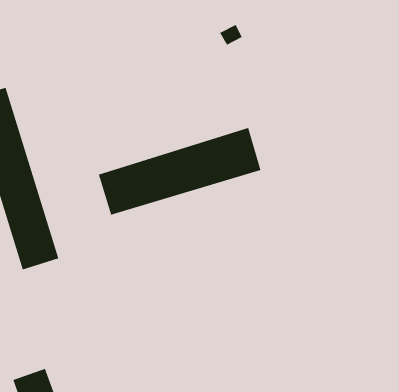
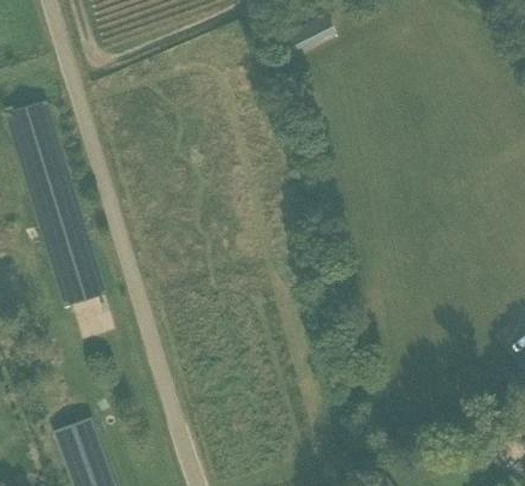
building: [98,127,261,216] -> none

